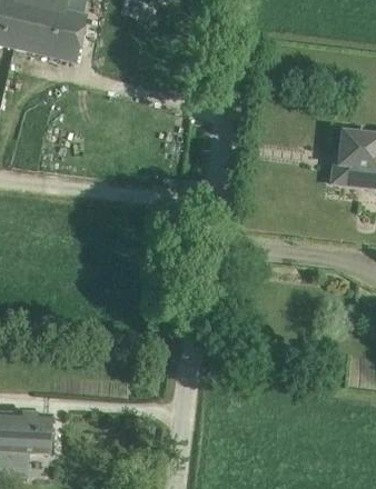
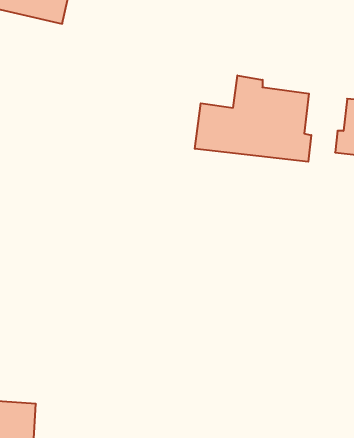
building: none -> [195,75,311,162]

